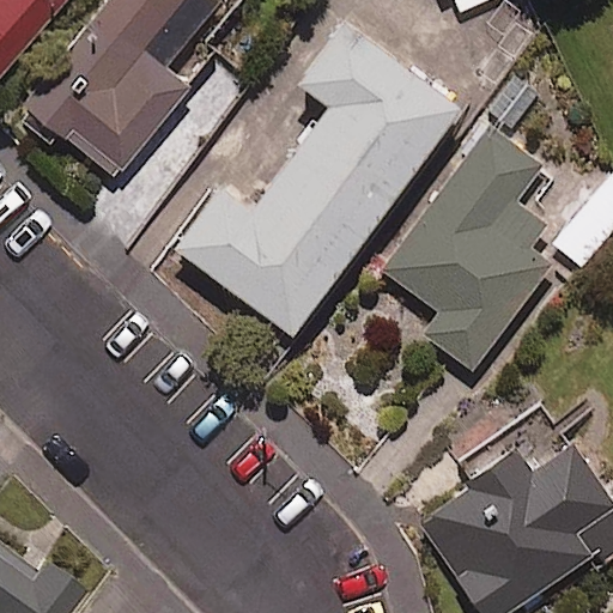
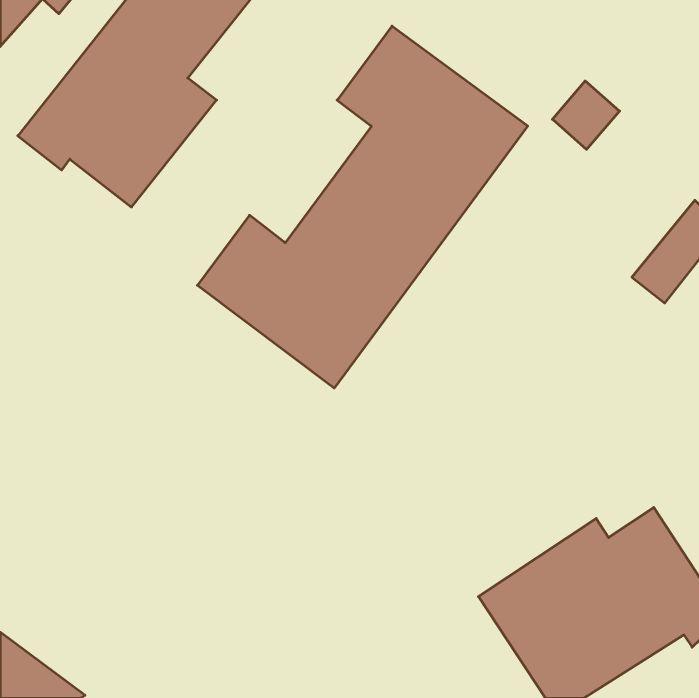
building: [382,125,553,370] -> none

